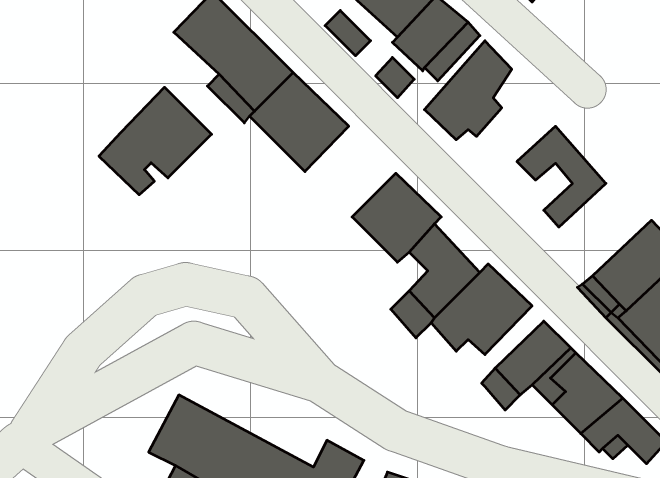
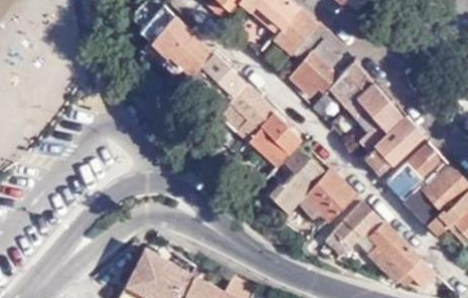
building: [99,87,212,195] -> [206,86,274,150]
building: none -> [328,64,369,107]
building: none -> [360,117,421,174]

